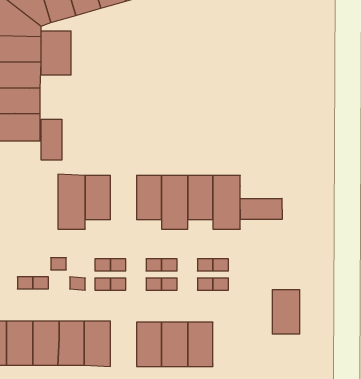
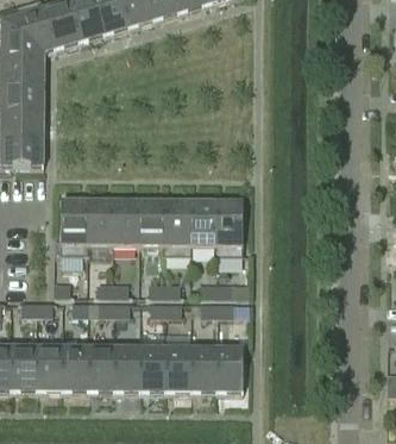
building: [41,31,71,75] -> none
building: [41,119,62,160] -> none
building: none -> [113,201,139,245]
building: [240,198,282,219] -> none
building: [272,290,300,334] -> [215,348,243,392]
building: none -> [113,346,139,392]

